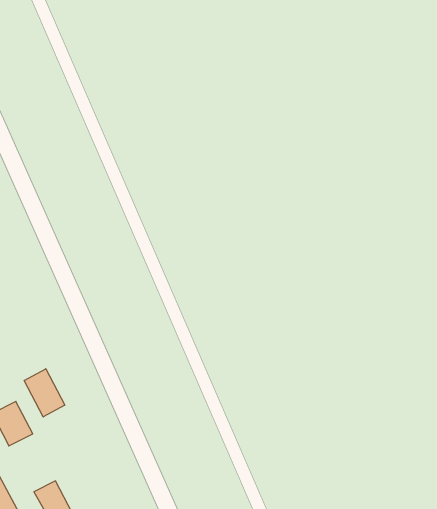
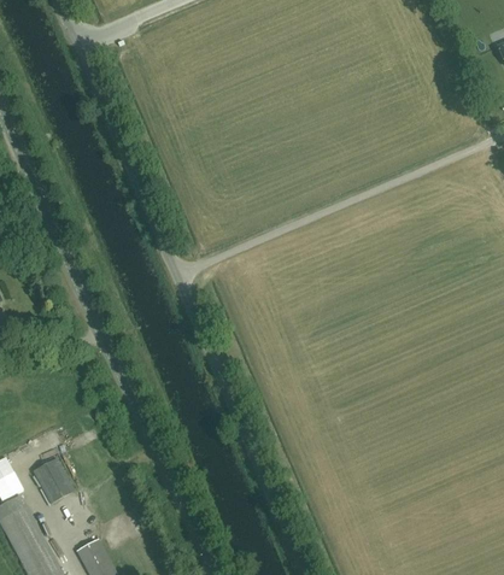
building: [24,369,65,417] -> none

